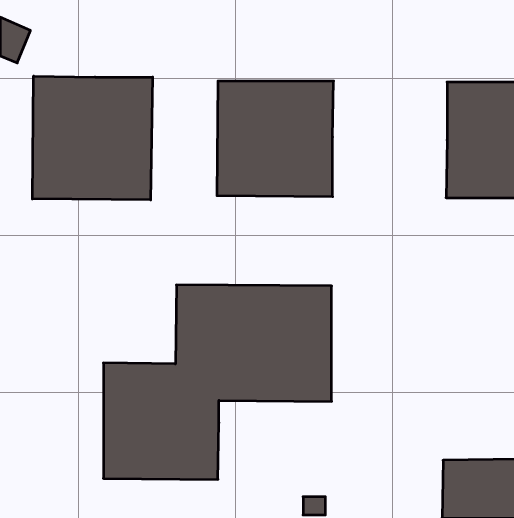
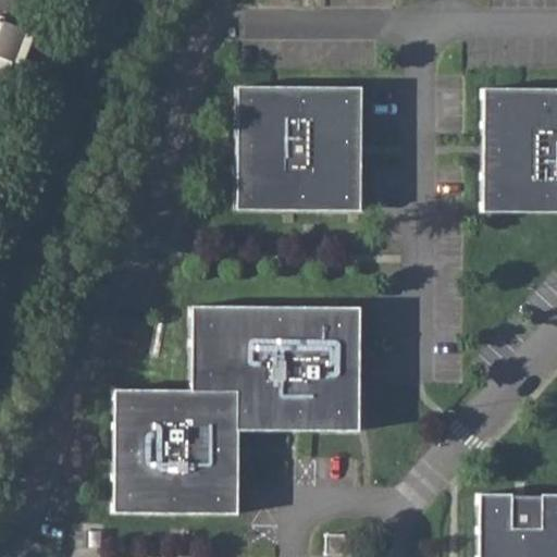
building: [32,76,153,200] -> none

